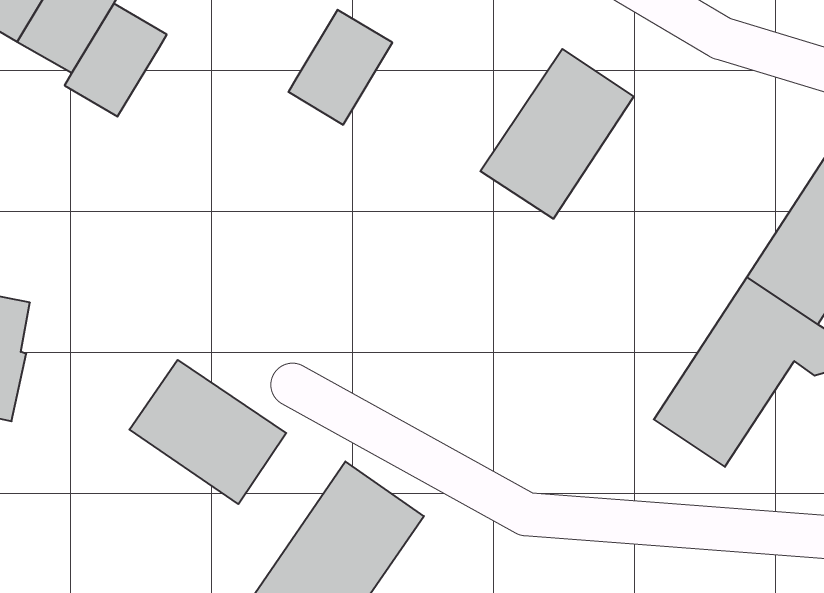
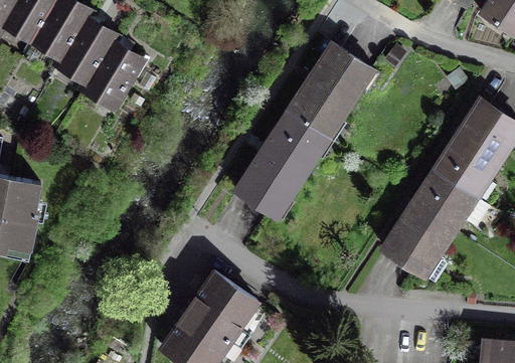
building: [288,10,392,125] -> [84,43,142,107]
building: none -> [236,112,329,216]
building: [129,360,286,504] -> none

